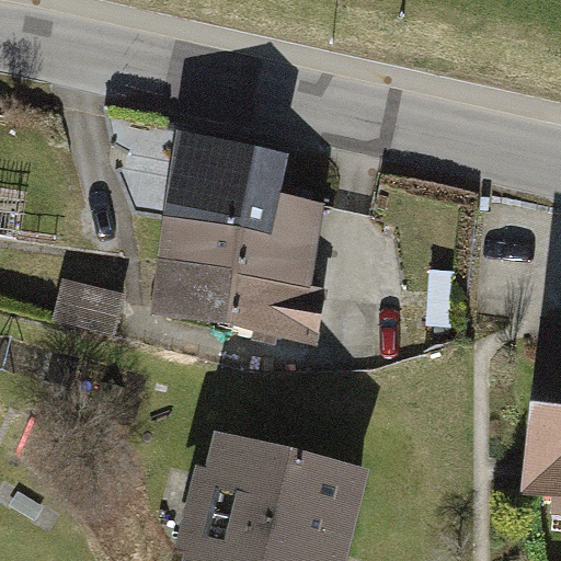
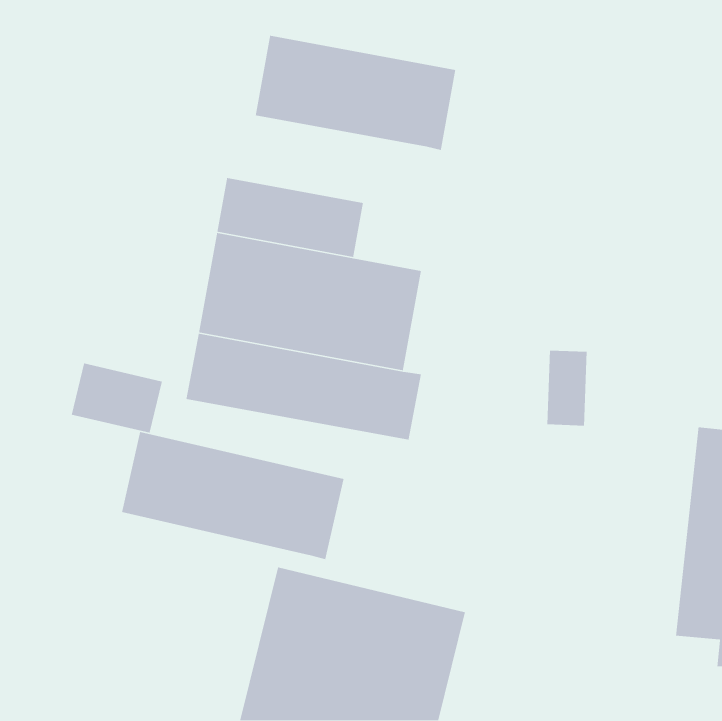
building: none -> [255,35,456,151]
building: none -> [121,431,344,560]

